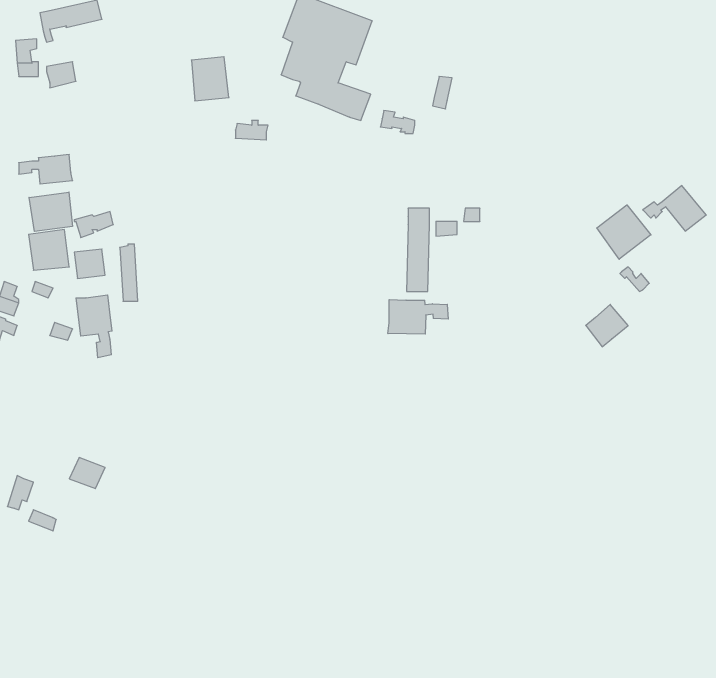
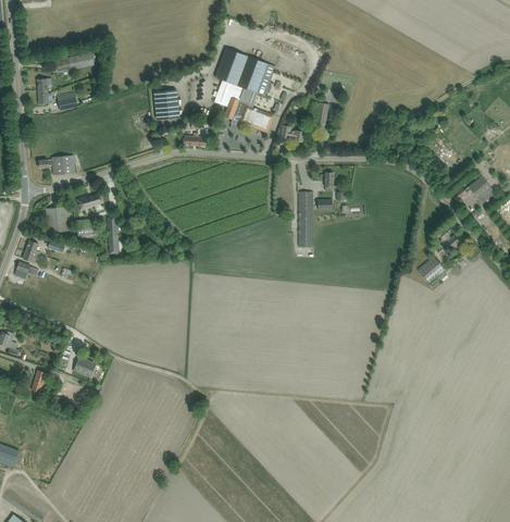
building: [29,192,72,231] -> none
building: [597,205,651,259] -> none
building: [76,295,112,358] -> none
building: [388,300,448,334] -> none

